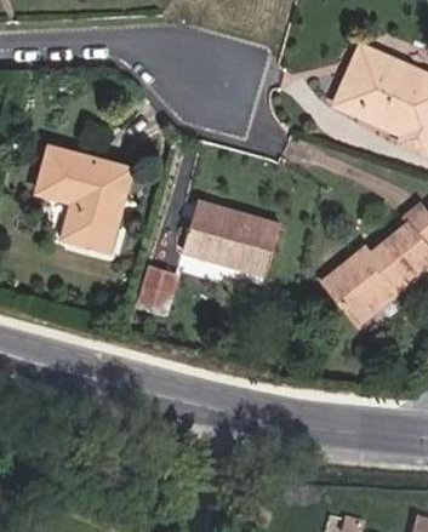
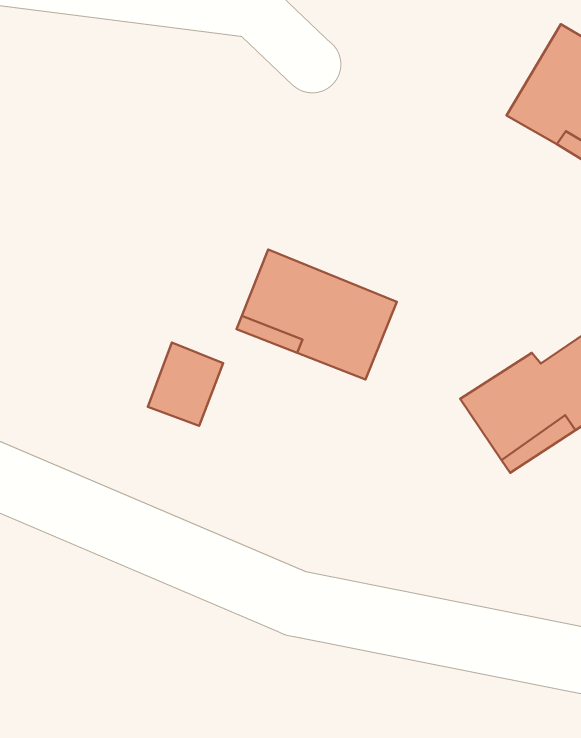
building: [39,144,131,248] -> none

